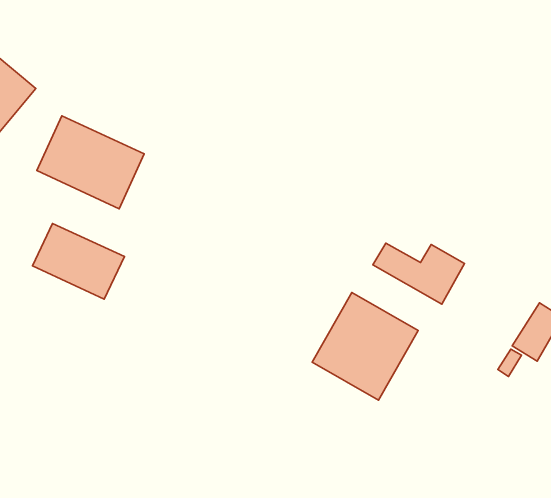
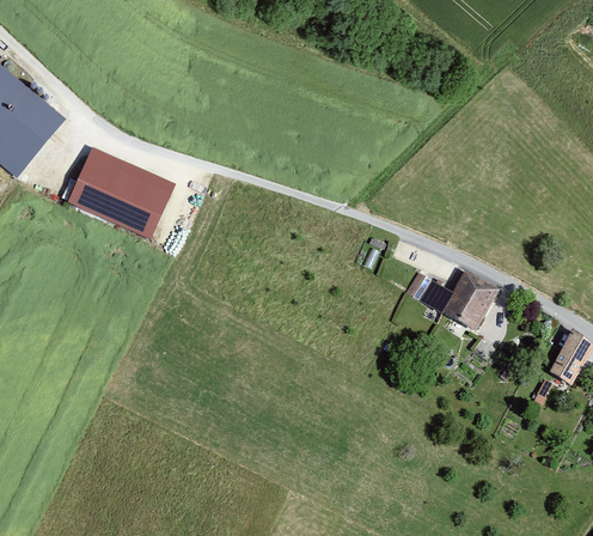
building: [33,223,124,299] -> none
building: [312,292,418,400] -> none

